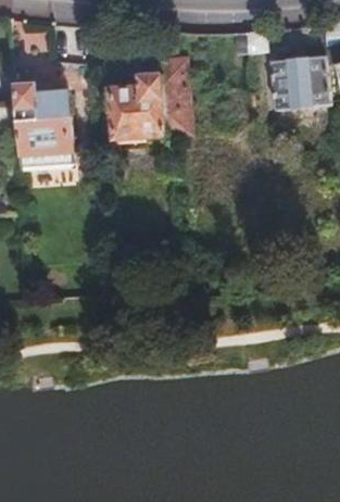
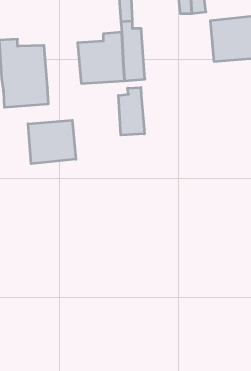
building: none -> [118,87,144,135]
building: none -> [28,120,76,164]

